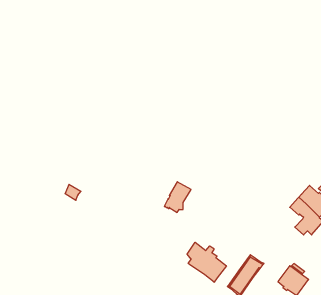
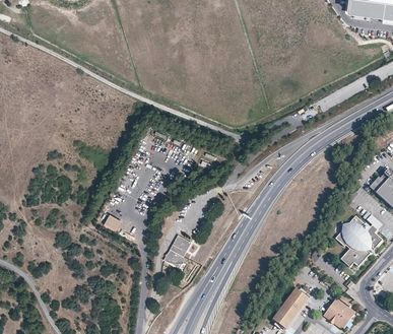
building: [164,182,191,212] -> [165,233,192,265]
building: [187,242,226,282] -> none

